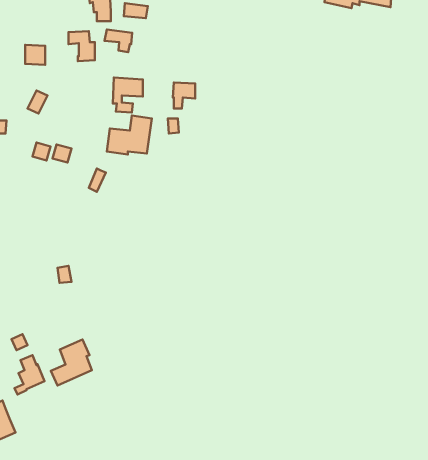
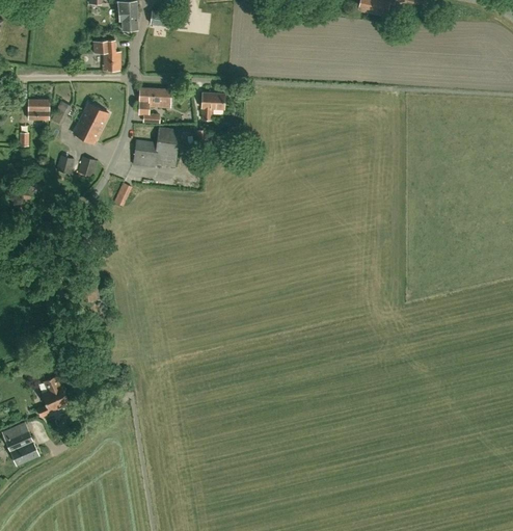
building: [105,30,132,52] -> none
building: [25,45,45,65] -> [28,99,49,120]
building: none -> [73,103,109,143]
building: [51,340,92,386] -> none

